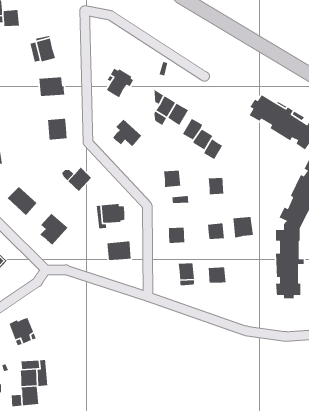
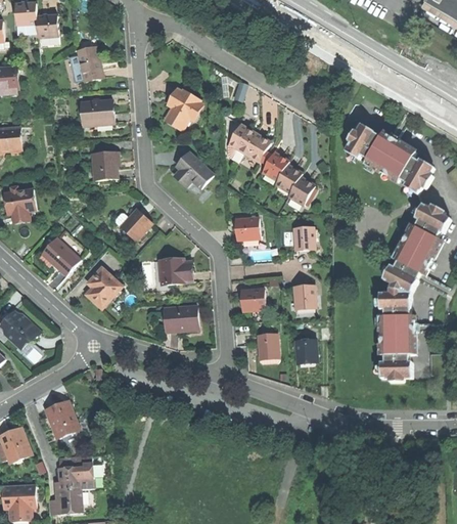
building: [233,216,254,238] -> none

